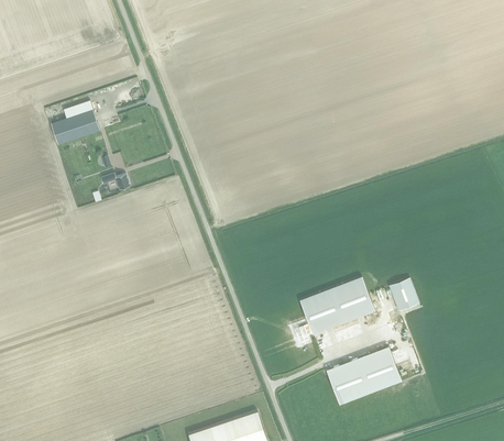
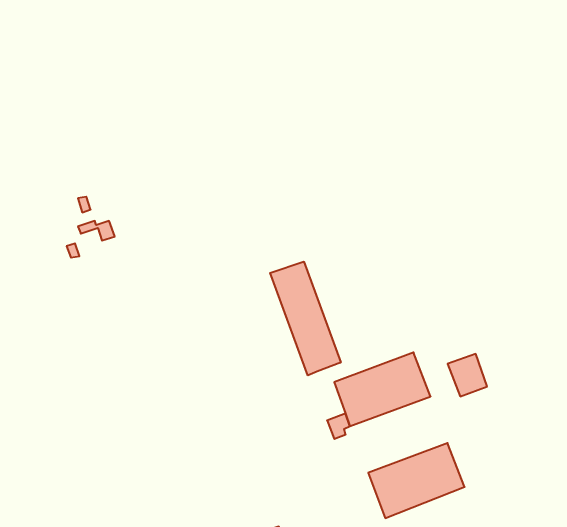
building: [50,101,100,145] -> none
building: none -> [270,262,341,375]

